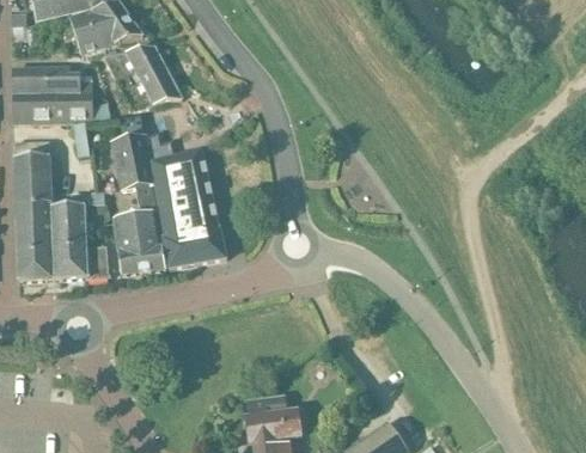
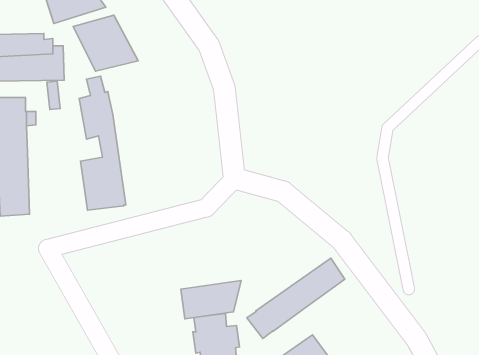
building: [152,148,227,268] -> none
building: [51,190,110,278] -> none
building: none -> [247,258,345,338]
building: none -> [181,281,241,319]

